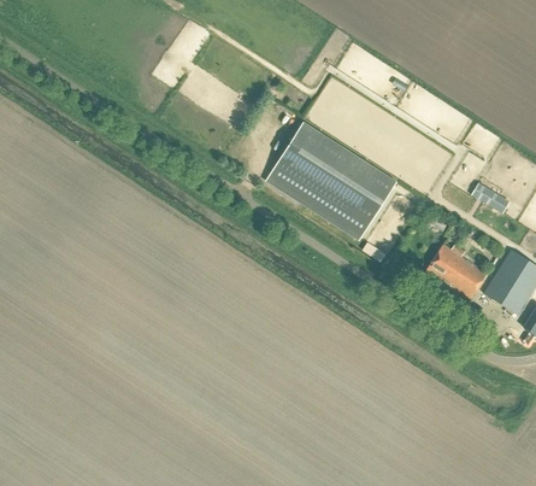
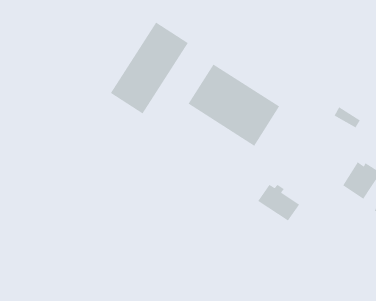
building: none -> [110,22,189,114]
building: [426,246,487,299] -> [257,184,300,222]

